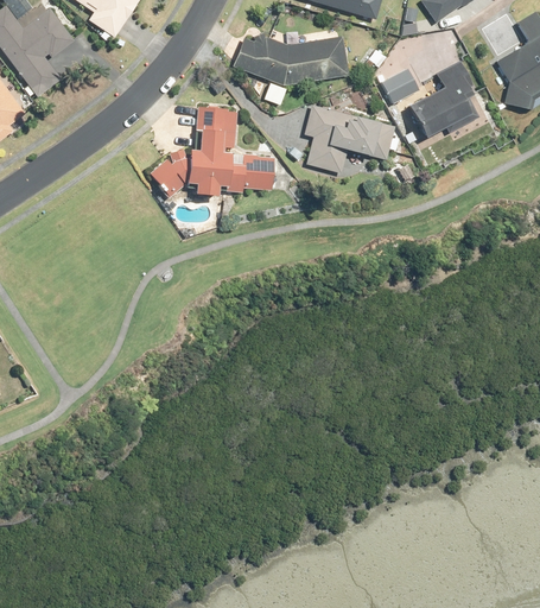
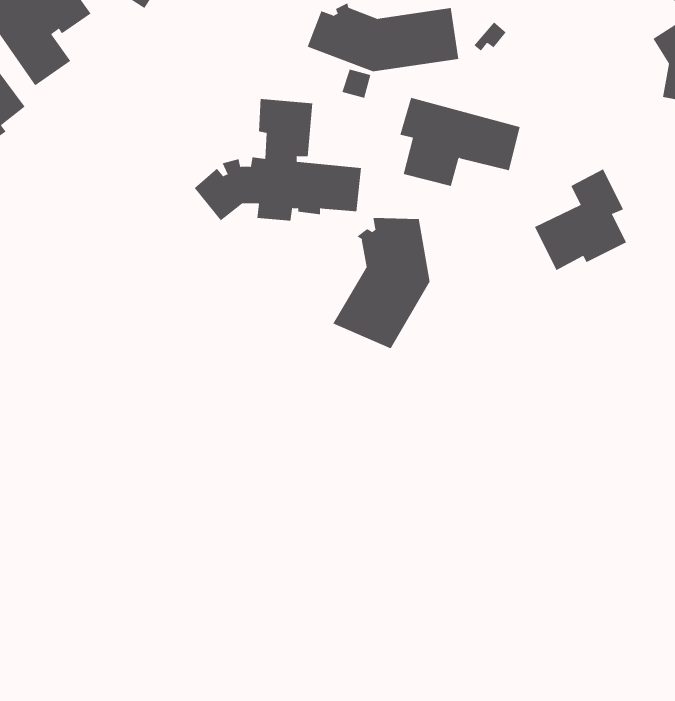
building: [409,59,479,137] -> [534,169,627,271]
building: [382,68,417,99] -> none
building: none -> [332,217,430,349]

